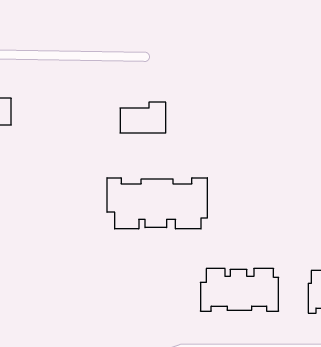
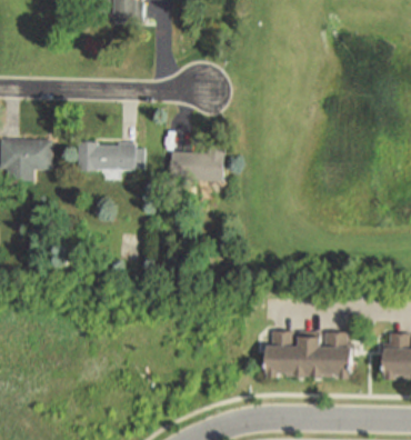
building: none -> [78,141,146,169]
building: [107,178,207,229] -> none

